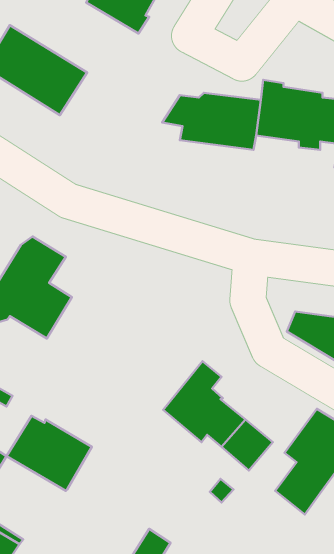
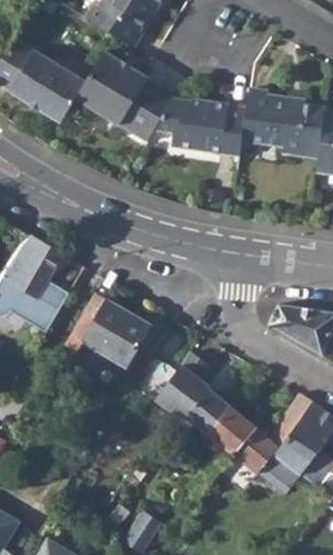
building: none -> [73,50,174,141]
building: [6,416,92,491] -> [71,297,151,367]
building: none -> [234,428,279,474]

